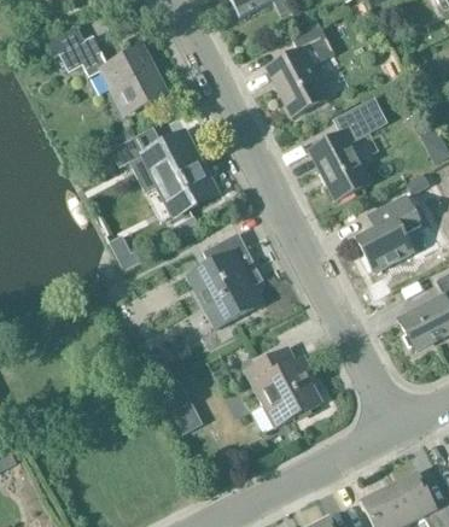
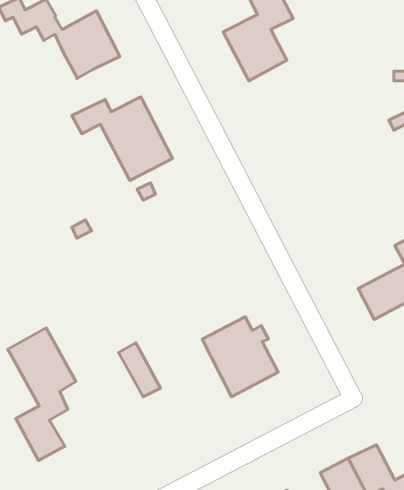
building: [309,99,384,200] -> none
building: [356,195,420,271] -> none
building: [194,232,262,323] -> none
building: none -> [8,328,76,461]

